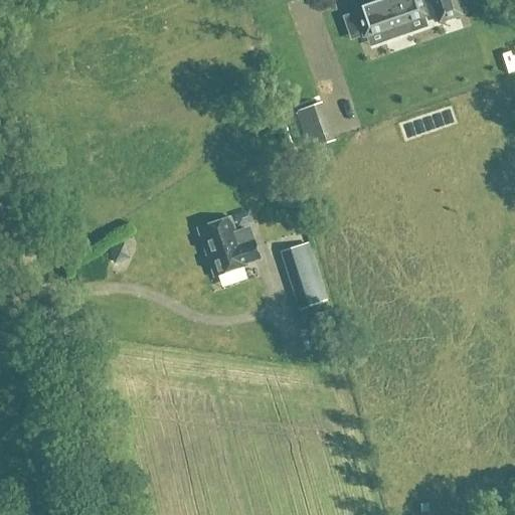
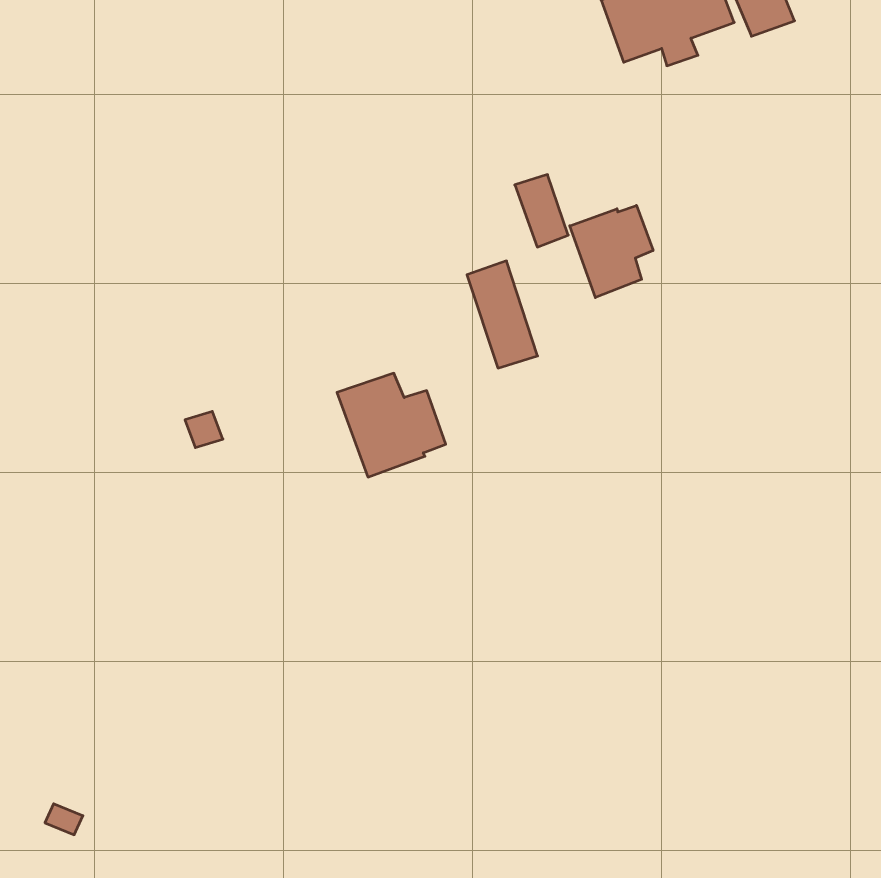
building: none -> [570,205,653,298]
building: [282,244,323,307] -> [467,261,538,368]

